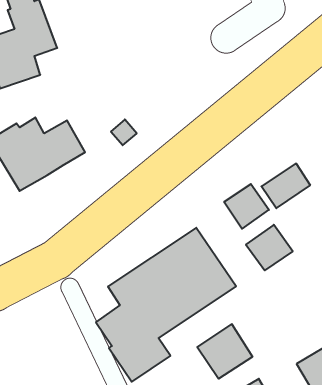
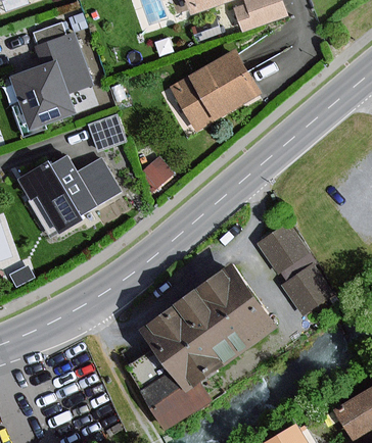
building: none -> [171,51,258,129]
building: [261,163,310,208] -> none
building: [197,324,252,379] -> none

